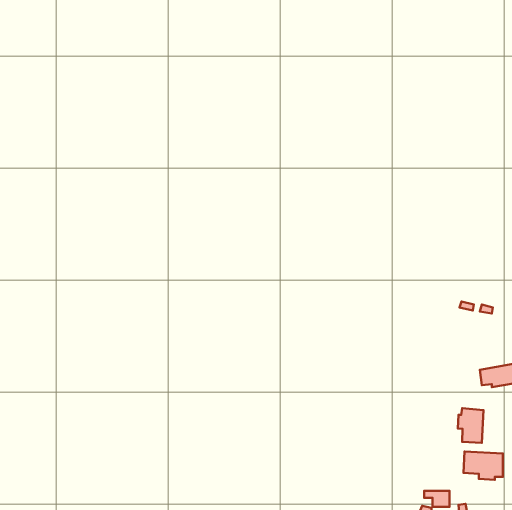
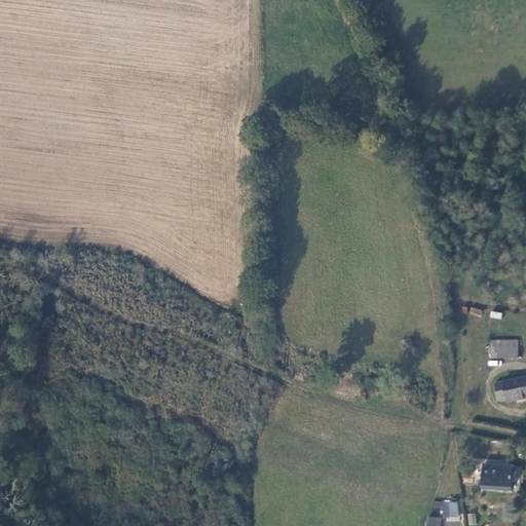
building: none -> [492,334,517,354]
building: [458,408,483,443] -> none

